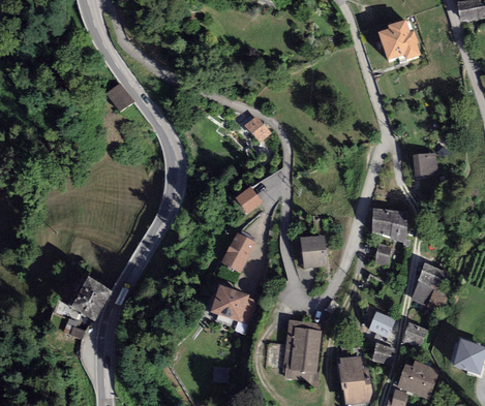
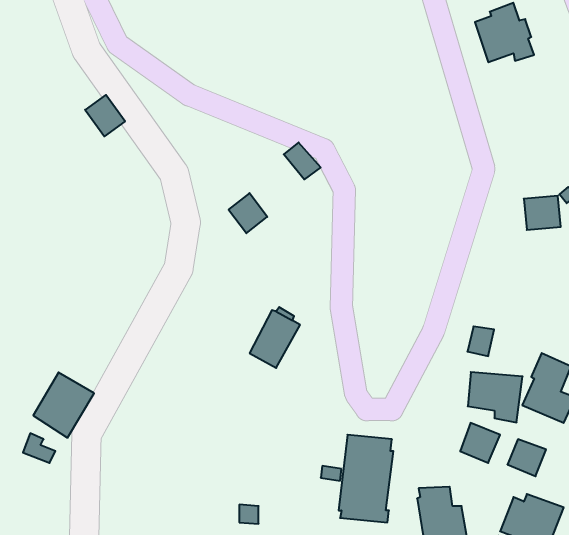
building: [235,186,262,214] -> [229,193,267,233]
building: [370,208,408,243] -> [468,372,523,422]
building: [299,233,327,269] -> none
building: [208,284,255,322] -> none
building: [370,342,396,366] -> none

